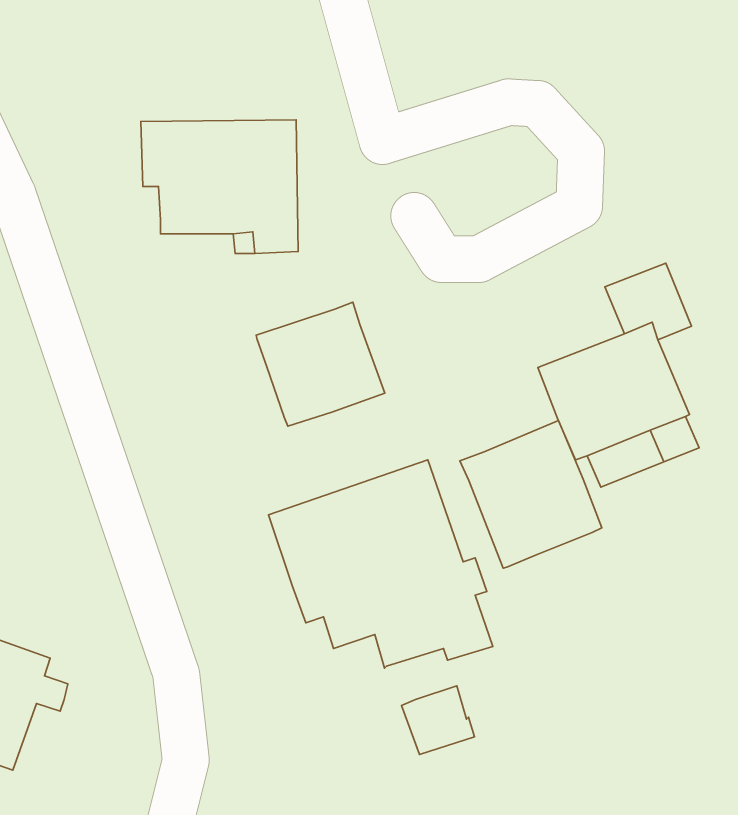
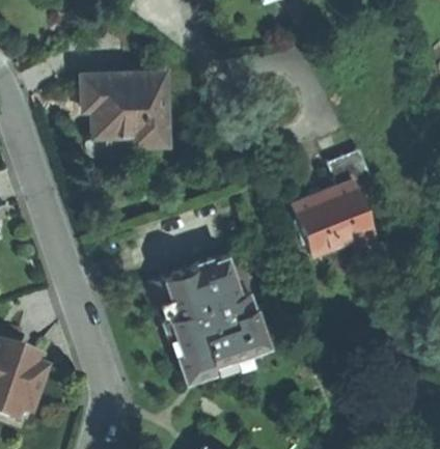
building: [256,302,385,426] -> none
building: [460,420,602,568] -> none
building: [402,686,474,755] -> [177,343,216,380]

